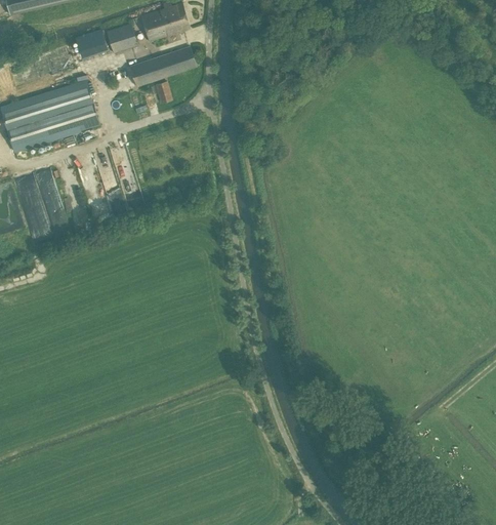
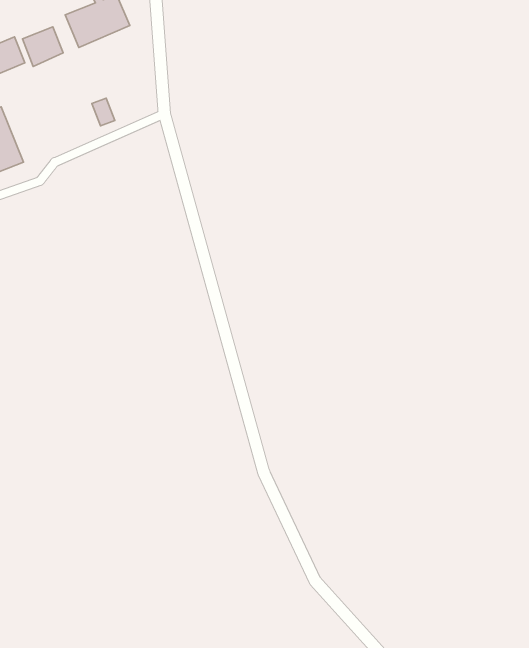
building: [129,46,196,86] -> none

